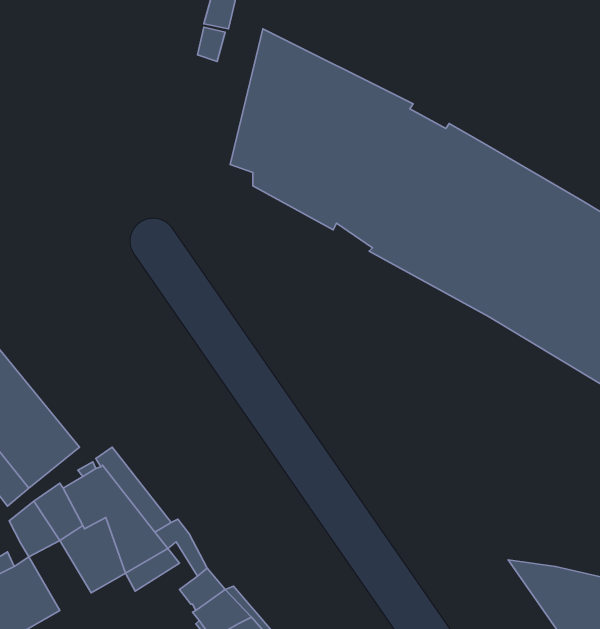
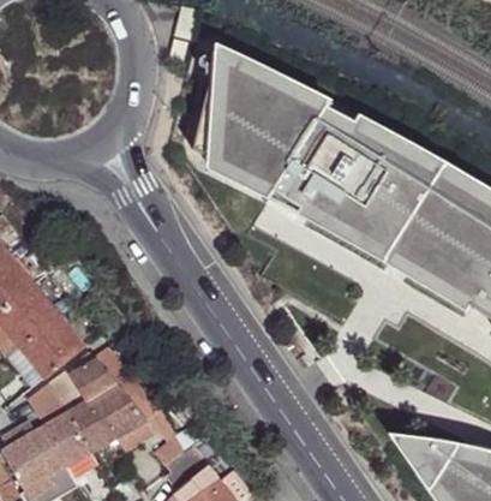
building: none -> [46,417,91,469]

